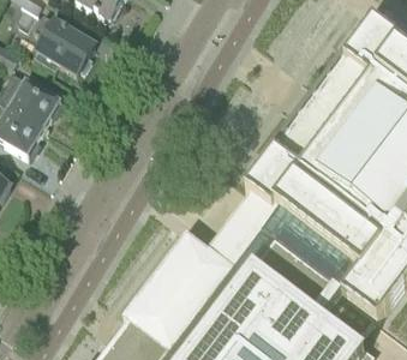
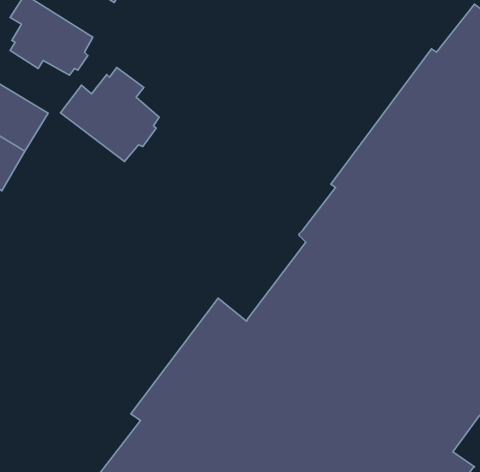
building: none -> [61,68,159,161]

